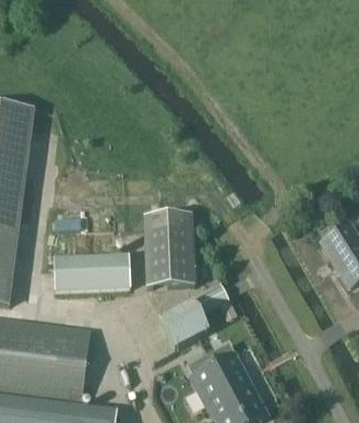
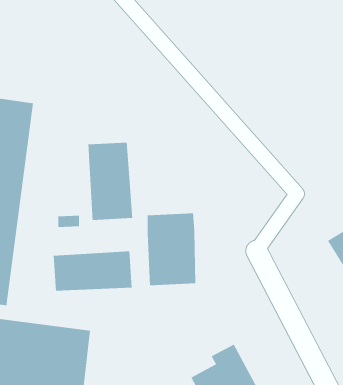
building: none -> [88,142,133,221]
building: [158,279,238,347] -> none

